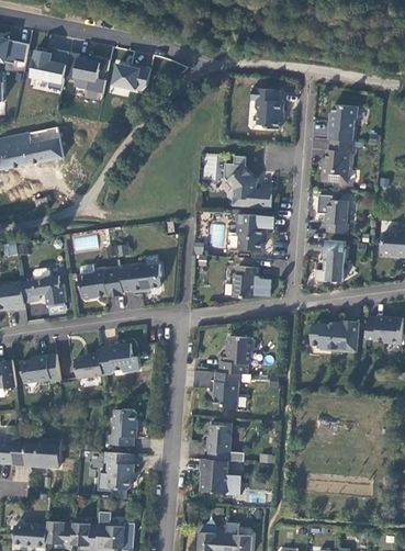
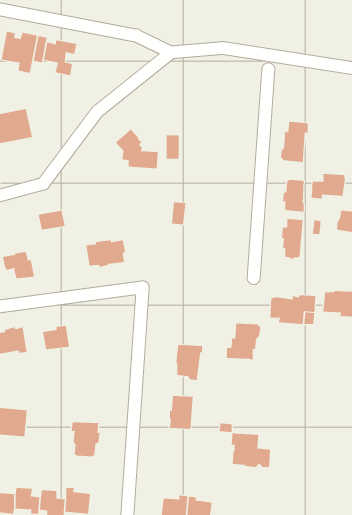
building: [114,64,151,90] -> none
building: [250,89,283,130] -> none
building: [327,105,357,143] -> none
building: [226,167,271,209] -> [115,129,159,169]
building: none -> [311,173,345,199]
building: [234,215,267,251] -> none
building: [79,267,123,300] -> none
building: [232,267,258,300] -> none
building: [218,336,255,374] -> [226,323,261,360]
building: [100,342,139,374] -> none
building: [105,408,136,446] -> none
building: [199,458,240,494] -> [231,432,271,467]

